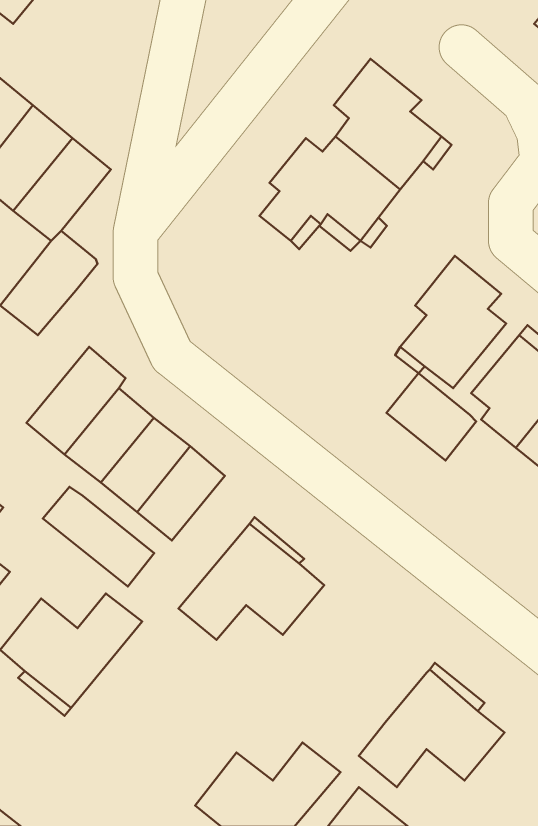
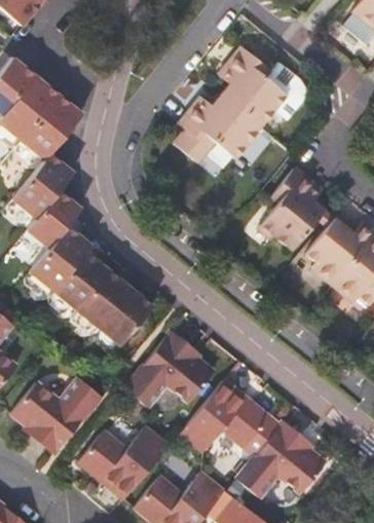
building: none -> [26,190,81,249]
building: [386,373,476,461] -> none
building: [43,487,154,586] -> none
building: none -> [180,380,277,459]
building: none -> [78,426,167,499]

